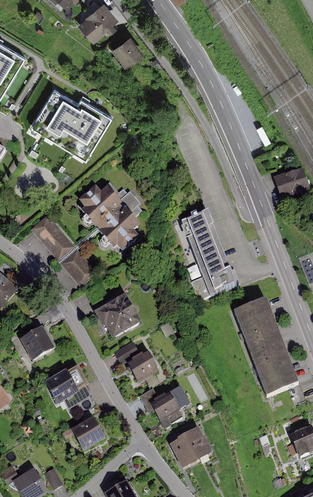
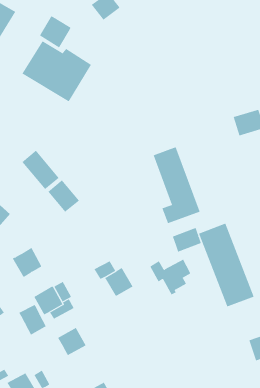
building: none -> [39,16,71,48]
building: [78,186,142,251] -> none
building: [93,293,141,338] -> none
building: none -> [172,227,202,252]
building: [140,387,188,429] -> [150,259,191,295]
building: none -> [19,304,47,335]
building: [169,427,211,468] -> none

